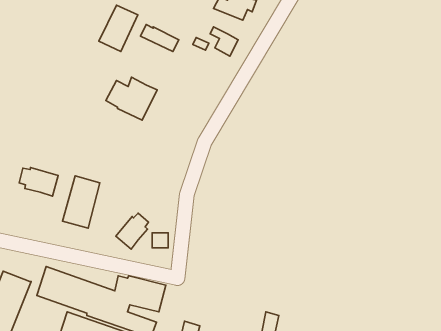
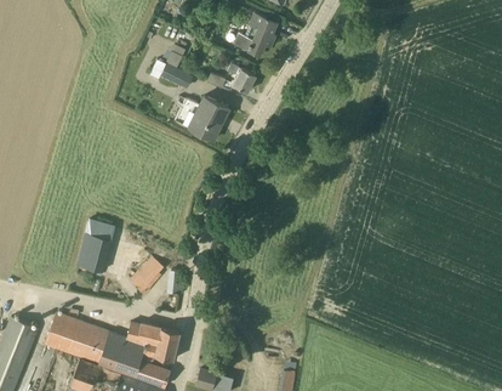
building: [99,5,138,52] -> none
building: [106,77,157,120] -> [176,96,229,141]
building: [19,168,58,196] -> none

